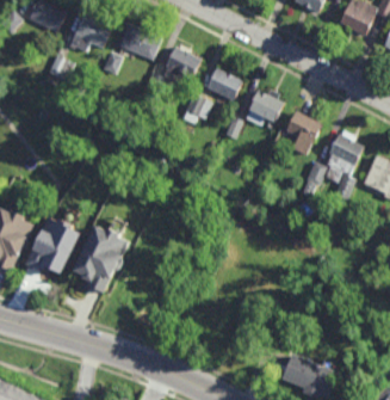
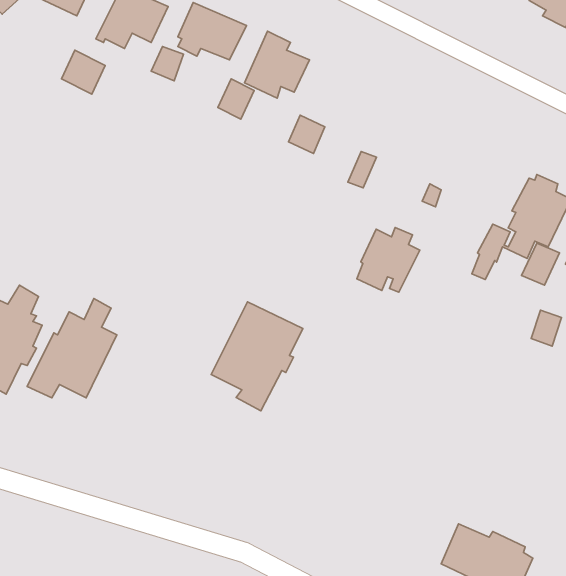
building: [205,64,243,110] -> none
building: [246,88,285,129] -> [357,227,420,292]
building: [286,111,324,156] -> none
building: [69,226,126,294] -> [211,302,303,411]

